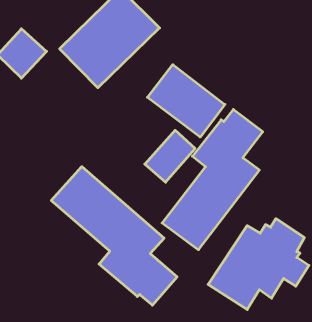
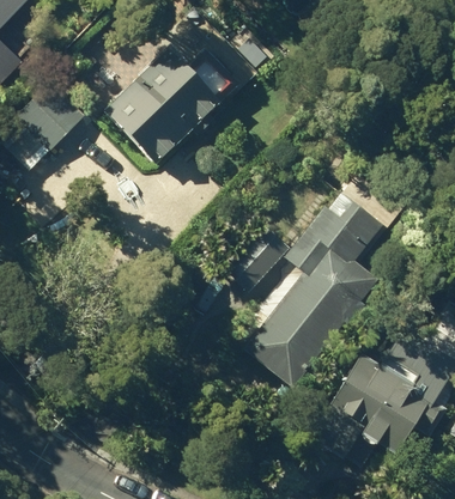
building: [147,65,225,137] -> none
building: [51,167,177,305] -> none

